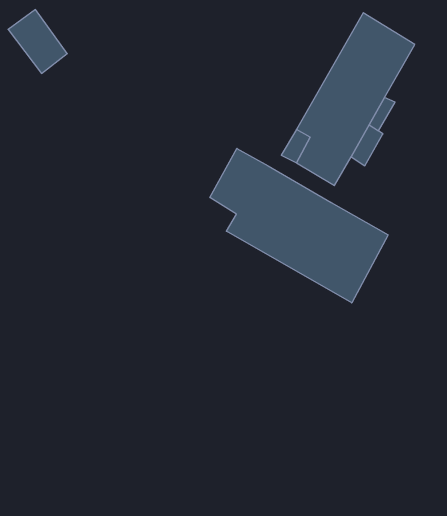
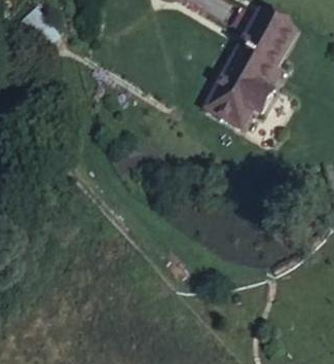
building: [210,148,388,303] -> none

